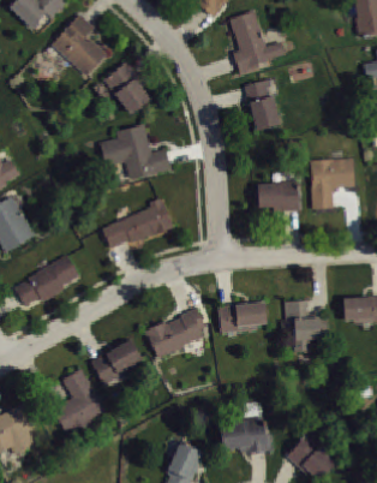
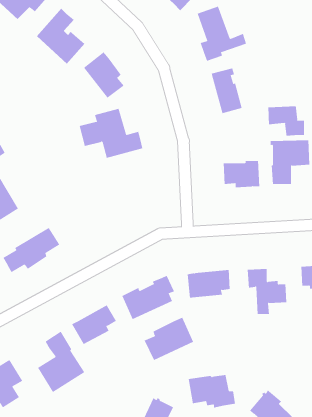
building: none -> [268,106,305,137]
building: [102,198,174,248] -> none
building: none -> [144,317,194,361]

